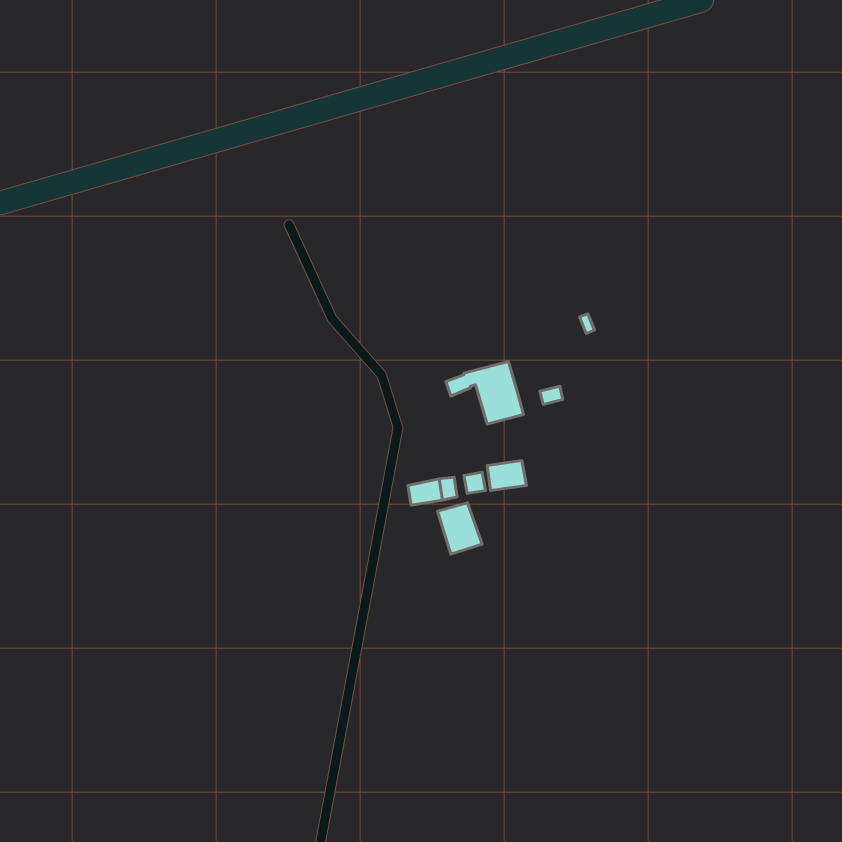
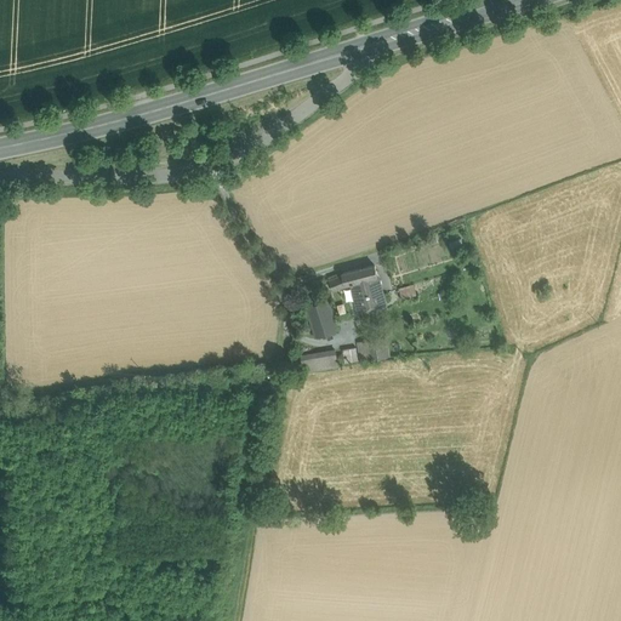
building: [438,503,482,554] -> [304,301,337,338]

